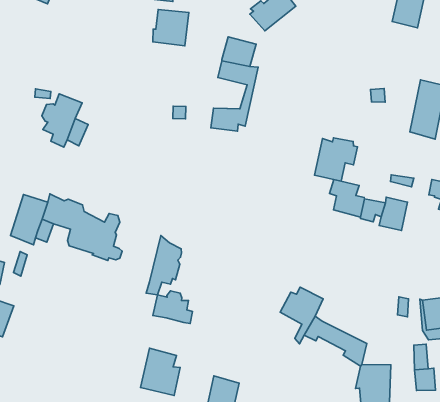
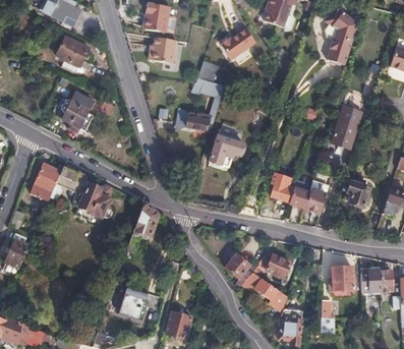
building: none -> [56,36,89,72]
building: [315,138,358,181] -> [210,134,243,167]
building: none -> [251,253,291,278]
building: [153,291,192,323] -> none

